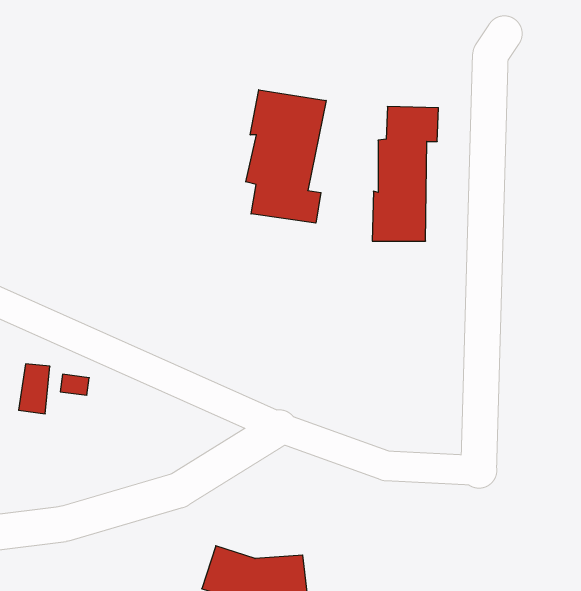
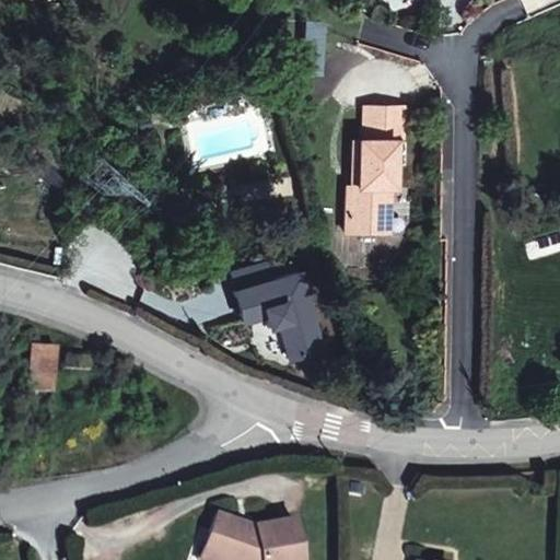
building: [246,90,326,223] -> none
building: none -> [235,264,324,350]

